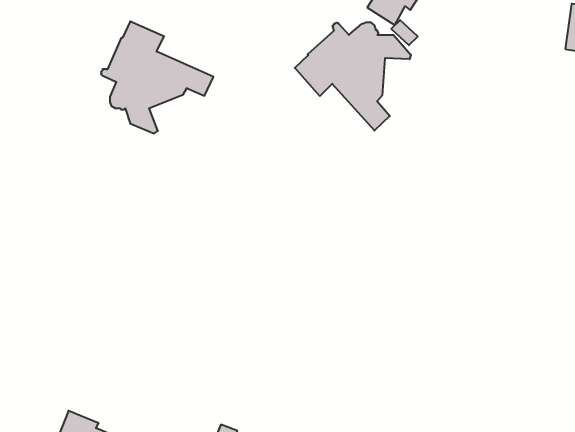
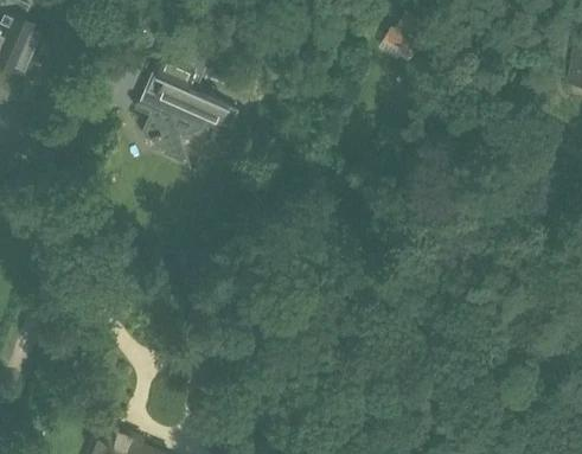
building: [295,22,411,131] -> none

